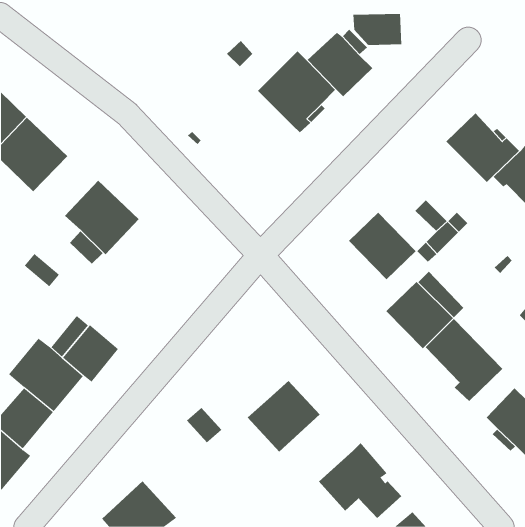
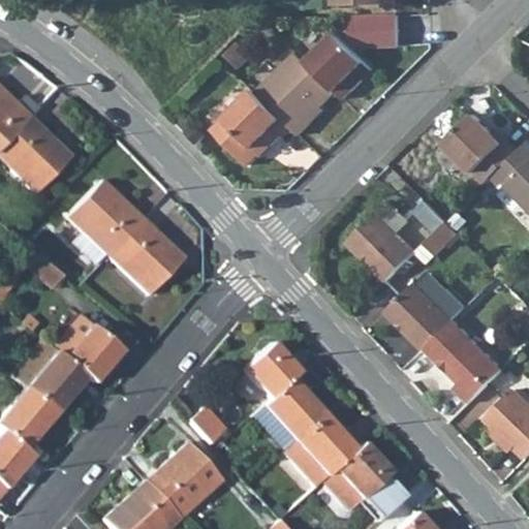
building: none -> [216,88,294,164]
building: none -> [108,219,184,293]
building: none -> [243,342,300,399]
building: none -> [282,414,355,488]
building: none -> [146,442,222,518]

